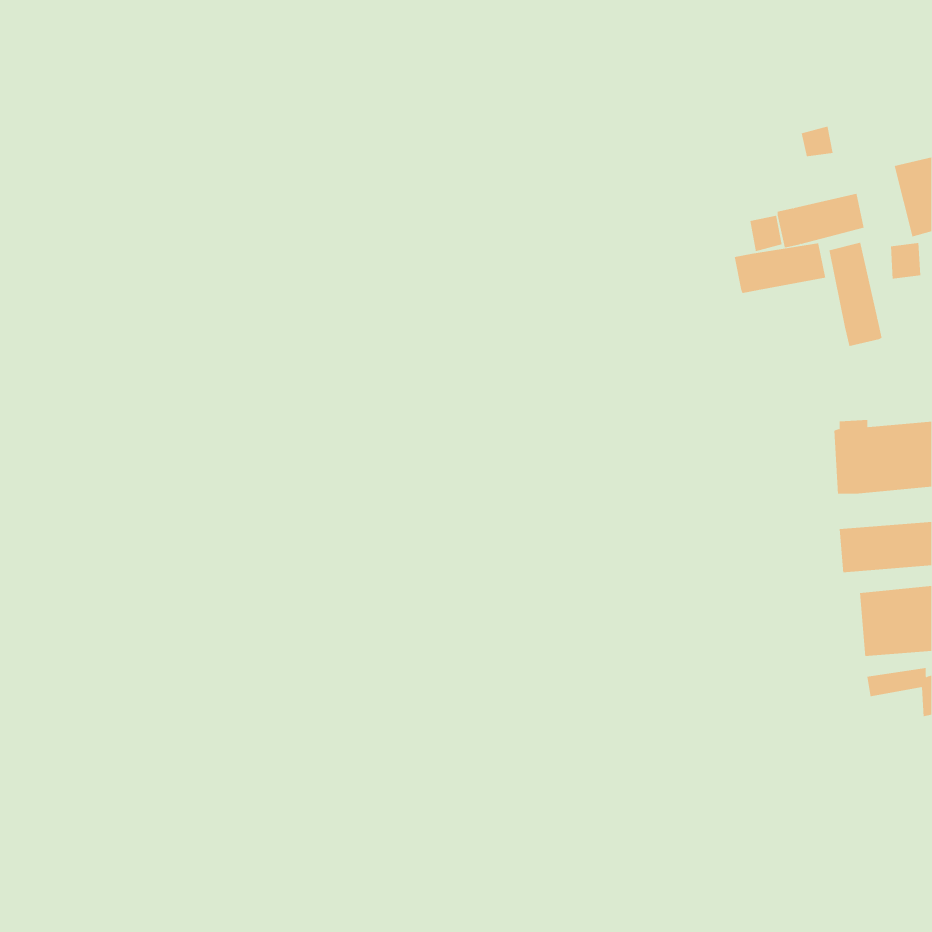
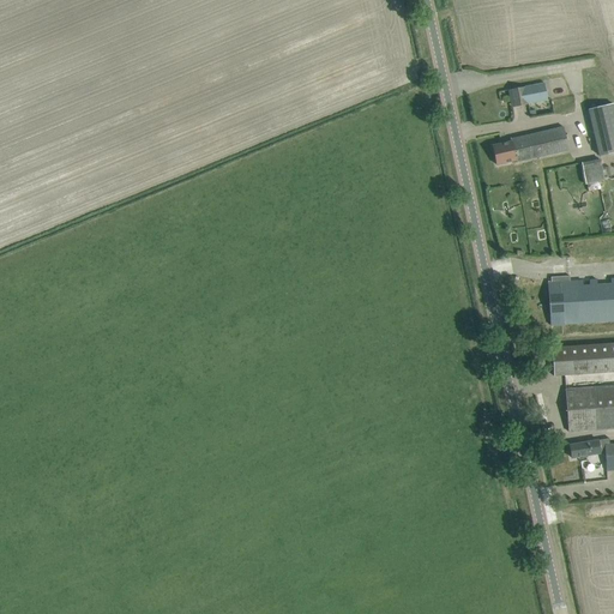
building: [829,242,882,347] -> none
building: [734,243,826,294] -> none

